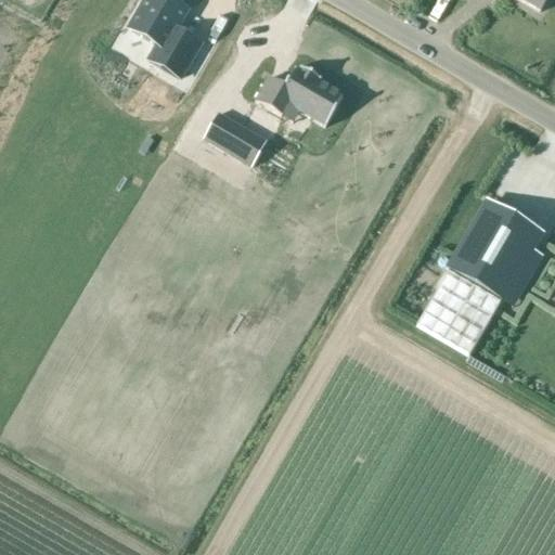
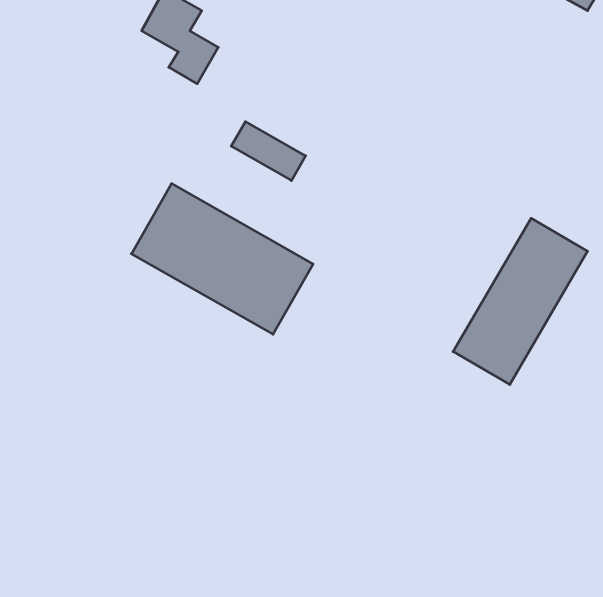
building: [255,66,343,124] -> none
building: none -> [131,184,313,334]

